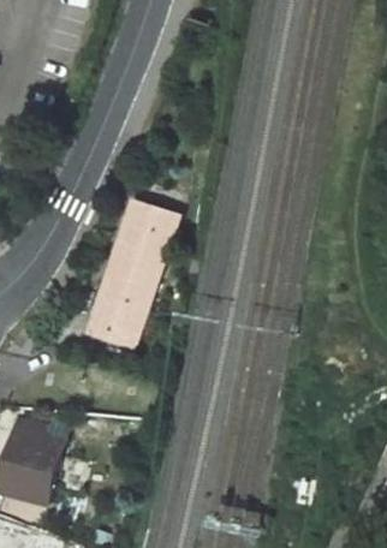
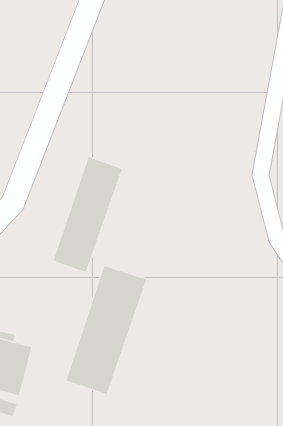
building: none -> [66,265,147,395]

